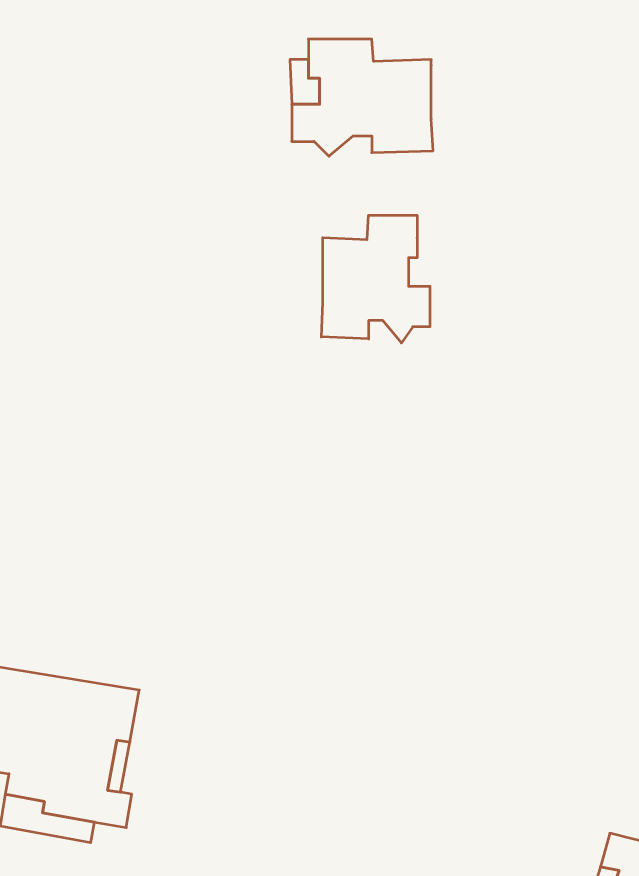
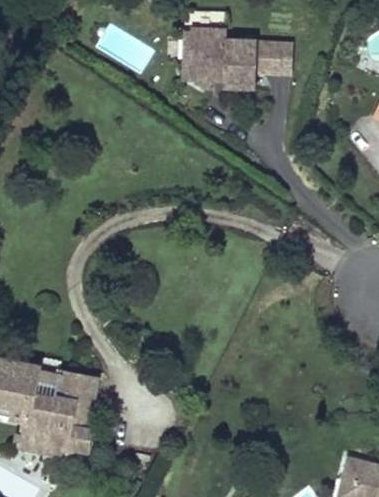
building: none -> [255,42,291,72]
building: [321,215,430,343] -> none

